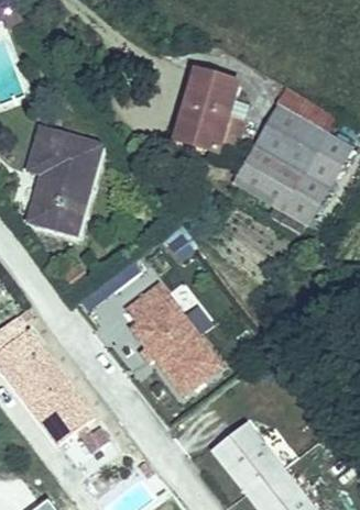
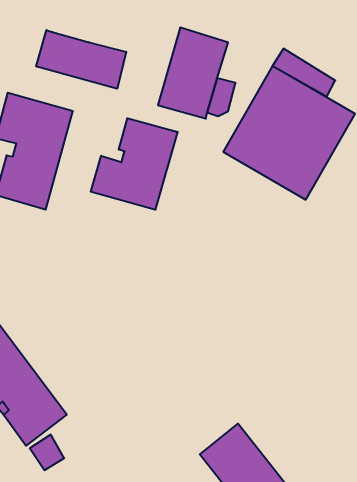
building: none -> [36,30,126,89]
building: none -> [91,118,178,210]
building: [127,284,220,393] -> none

